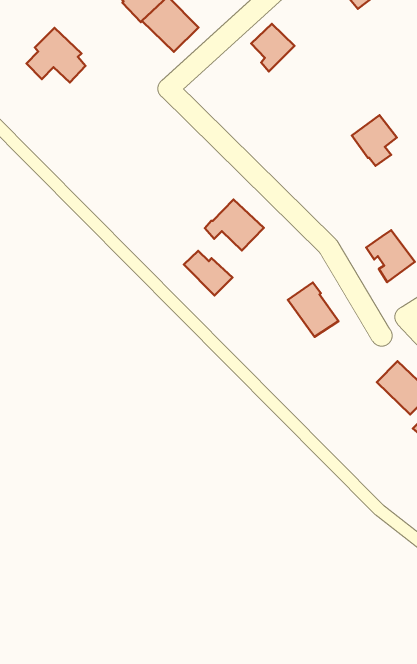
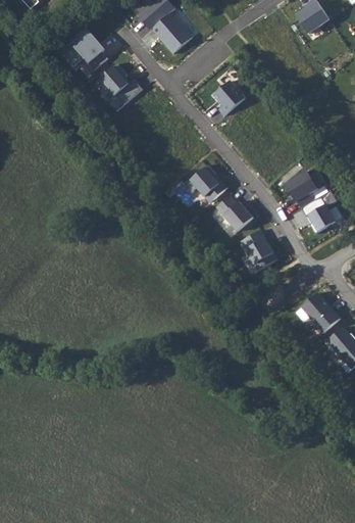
building: [251,24,295,72] -> [213,81,245,115]
building: none -> [97,63,142,105]
building: [352,115,397,166] -> [286,171,318,207]
building: [184,251,233,296] -> [218,195,253,229]

